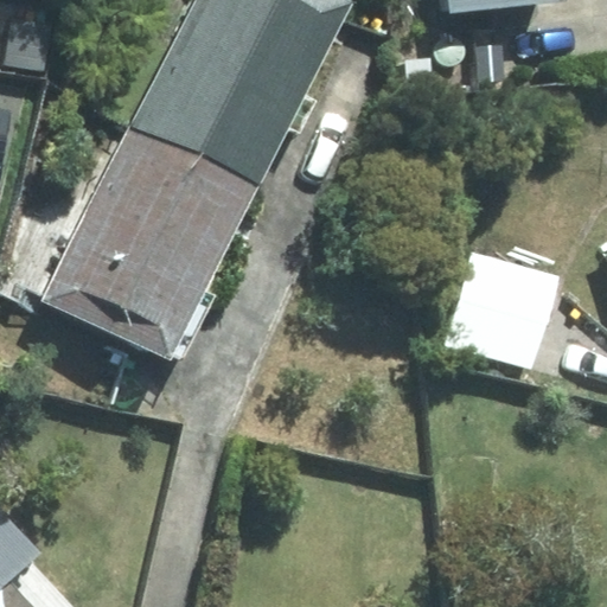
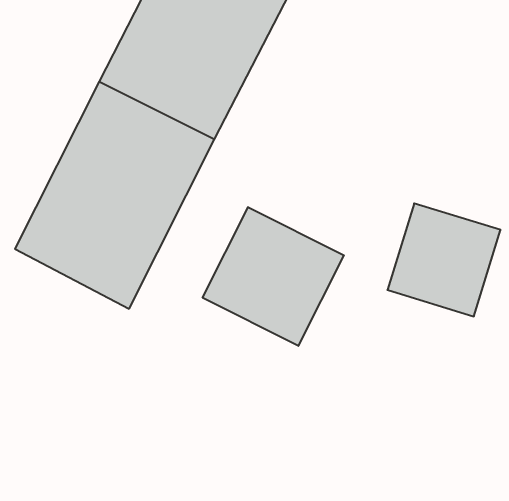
building: none -> [203,207,344,346]

